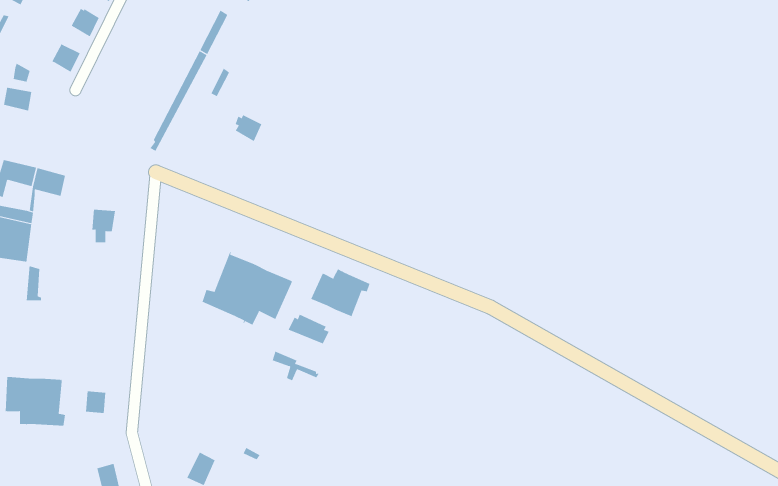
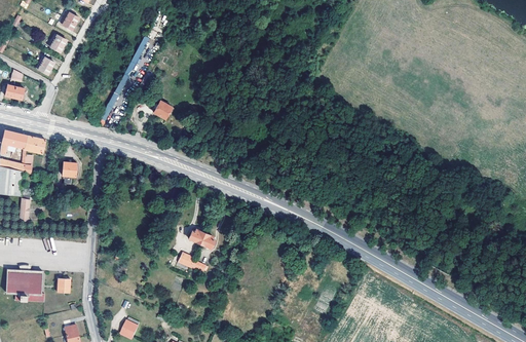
building: [202,251,293,325] -> none
building: [311,268,370,318] -> none

